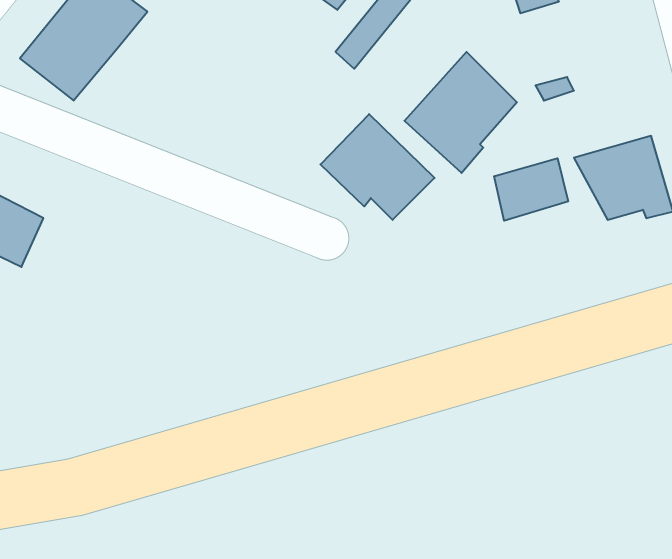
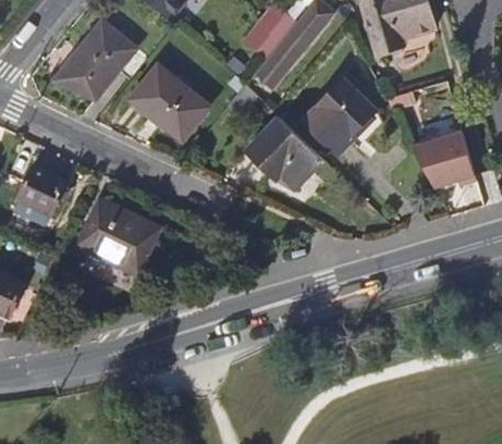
building: none -> [133,69,210,141]
building: [494,158,568,221] -> none
building: none -> [79,199,160,275]

